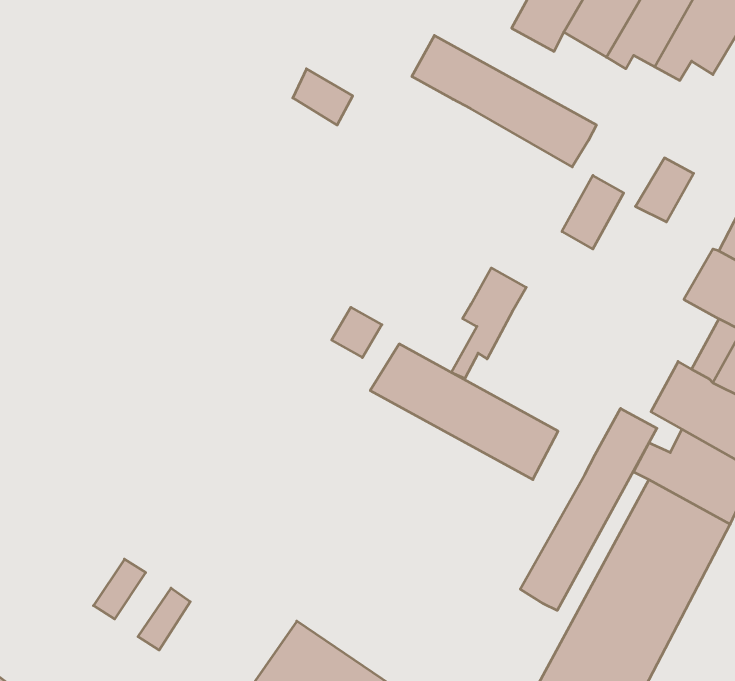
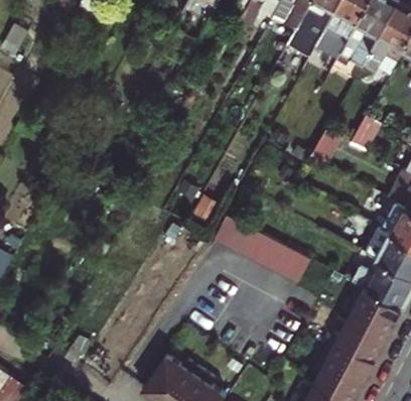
building: [412,35,596,167] -> none
building: [451,268,526,379] -> none
building: [520,408,657,610] -> none

